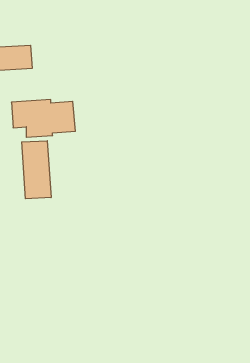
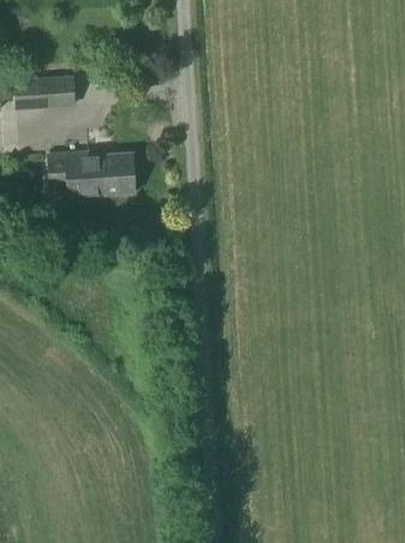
building: [22,141,51,199] -> none

